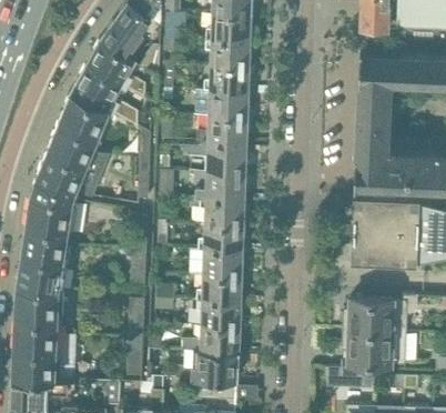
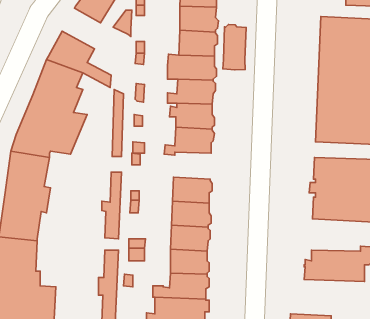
building: [85,42,143,99] -> none
building: none -> [223,24,246,70]
building: [190,195,246,224] -> none
building: [342,331,407,365] -> none

